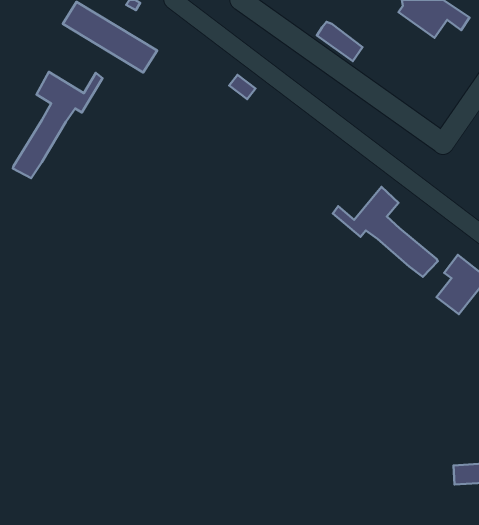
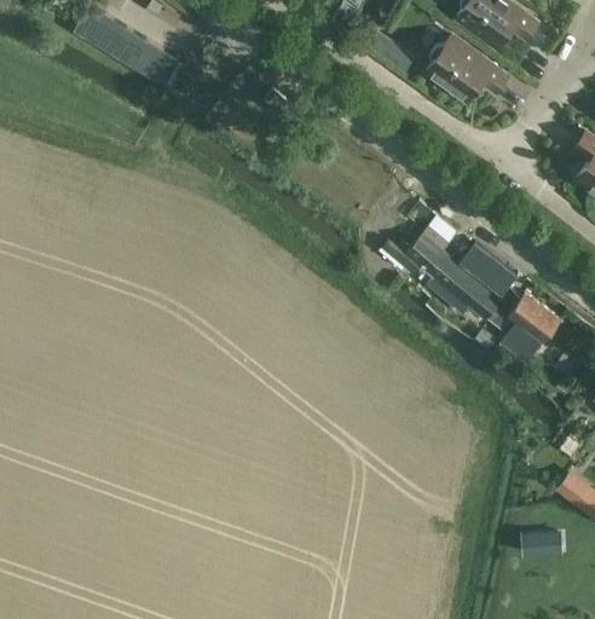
building: none -> [427,36,508,99]
building: [13,72,103,178] -> none
building: none -> [458,242,518,299]

